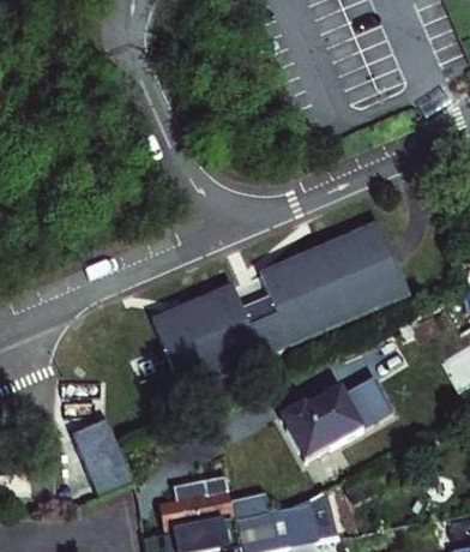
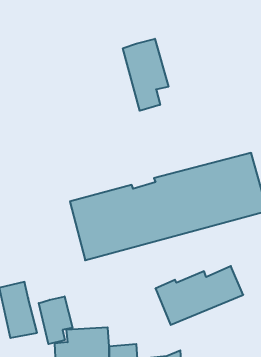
building: none -> [123,39,168,111]
building: none -> [39,296,72,344]

